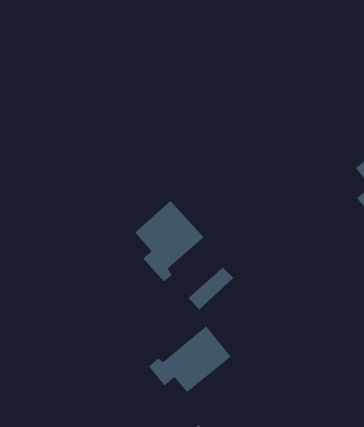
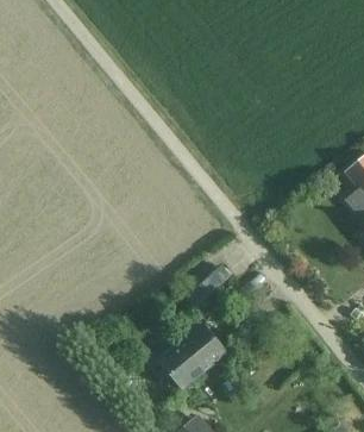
building: [135,200,204,282] -> none

